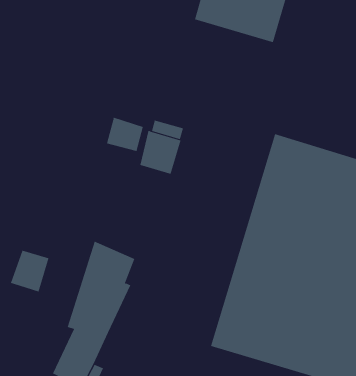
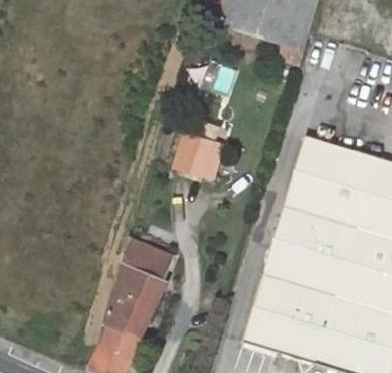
building: [106,117,143,152] -> none
building: [10,250,49,293] -> none

